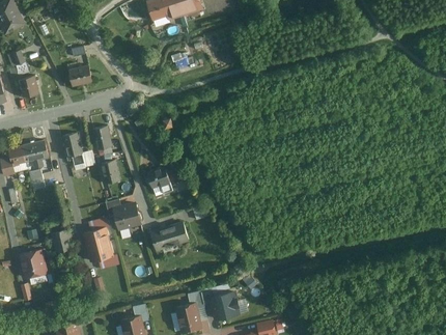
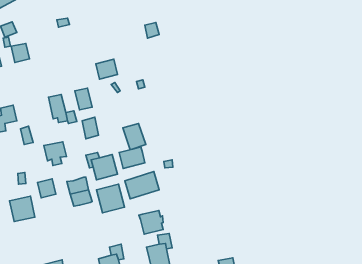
building: [69,64,94,87] -> [96,59,118,79]
building: [22,142,48,169] -> [44,142,66,165]
building: none -> [119,147,145,169]
building: none -> [97,184,124,213]
building: [210,292,238,319] -> [139,211,163,234]

